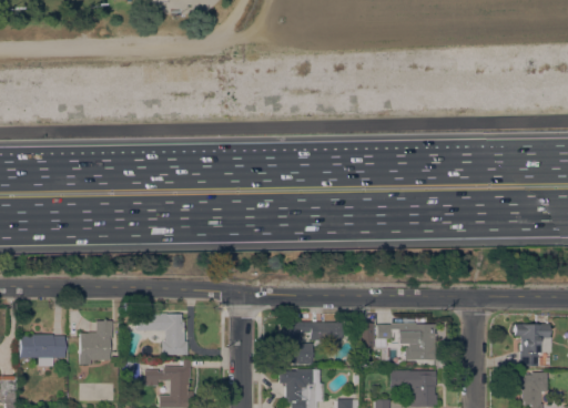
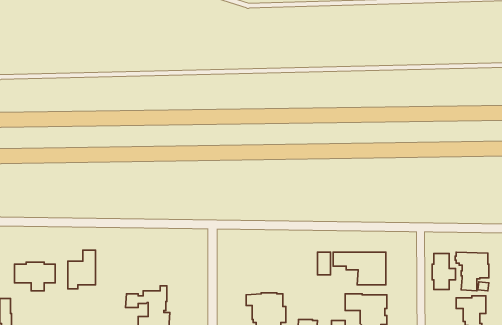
building: [138,314,189,356] -> none
building: [280,323,343,366] -> none
building: none -> [432,254,456,290]

